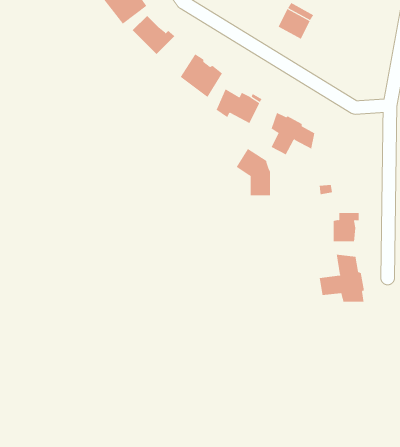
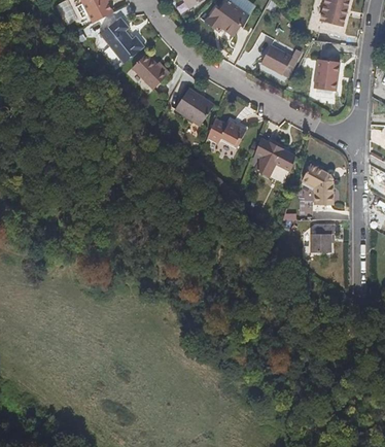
building: none -> [314,60,340,94]
building: [236,148,271,196] -> [302,164,332,206]
building: [319,254,364,303] -> none

